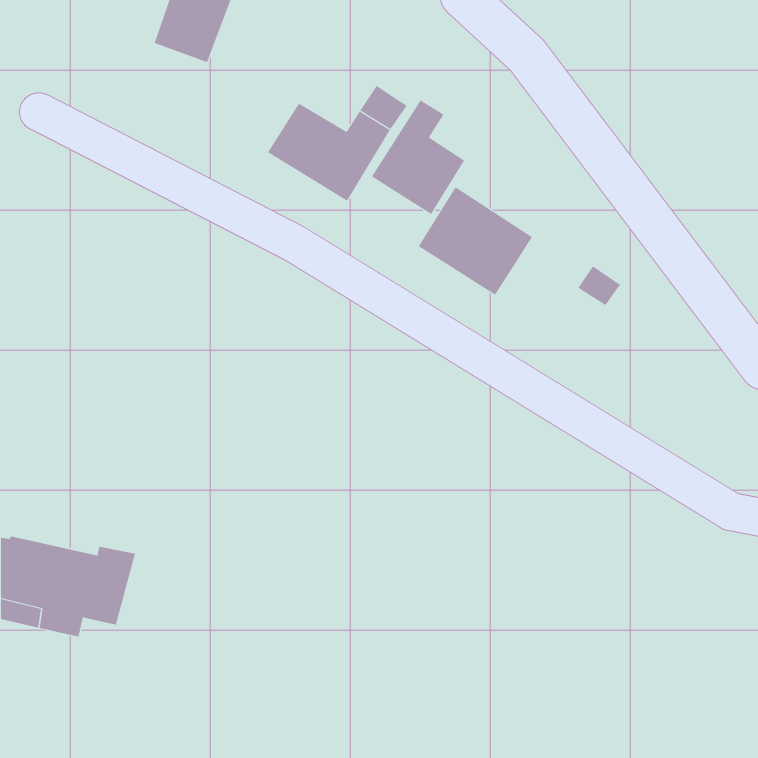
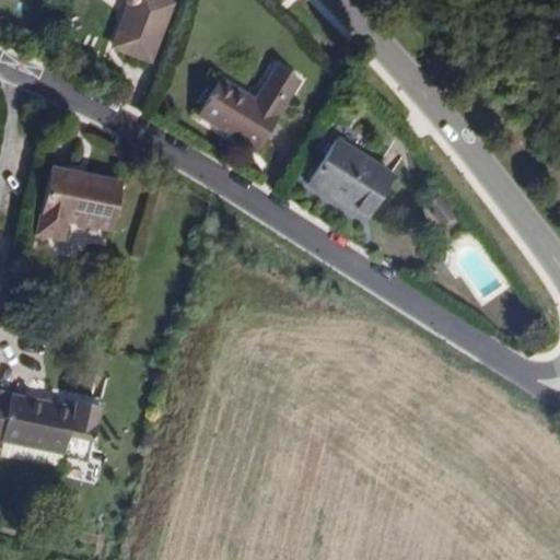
building: [371,99,465,215] -> none
building: none -> [38,166,119,240]

